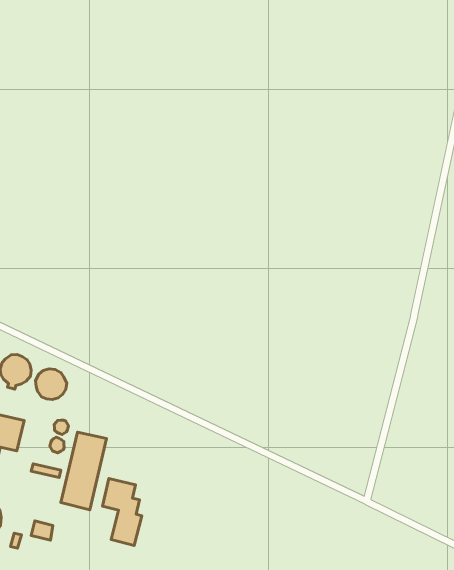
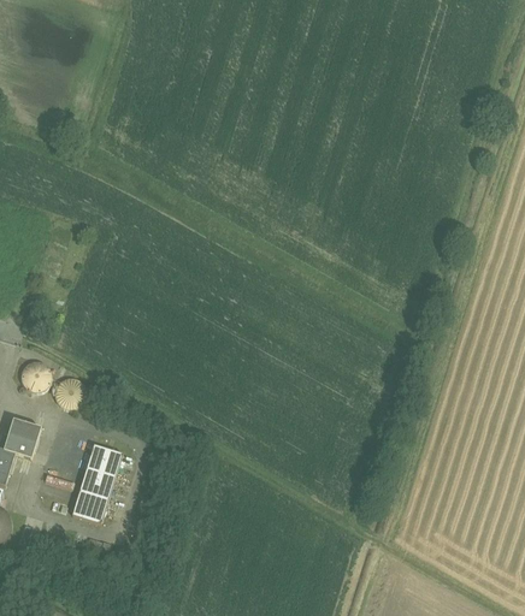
building: [102,478,142,545] -> none

